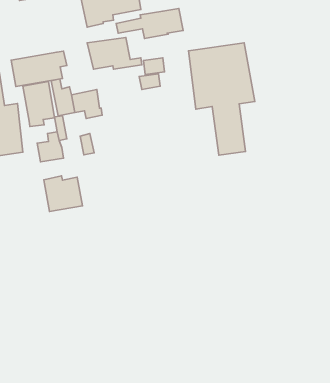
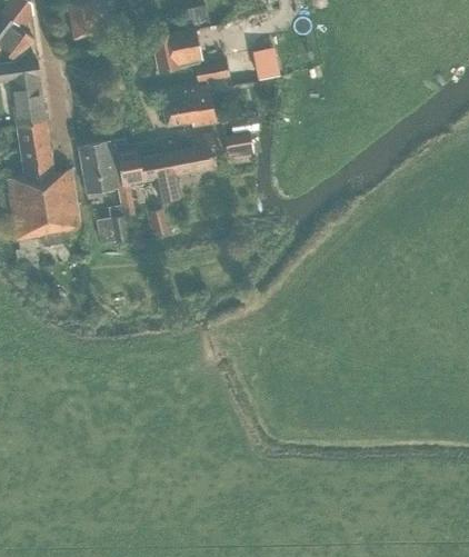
building: [188,43,255,155] -> none
building: [11,51,67,87] -> none
building: none -> [171,133,216,176]
building: [44,176,82,212] -> none

